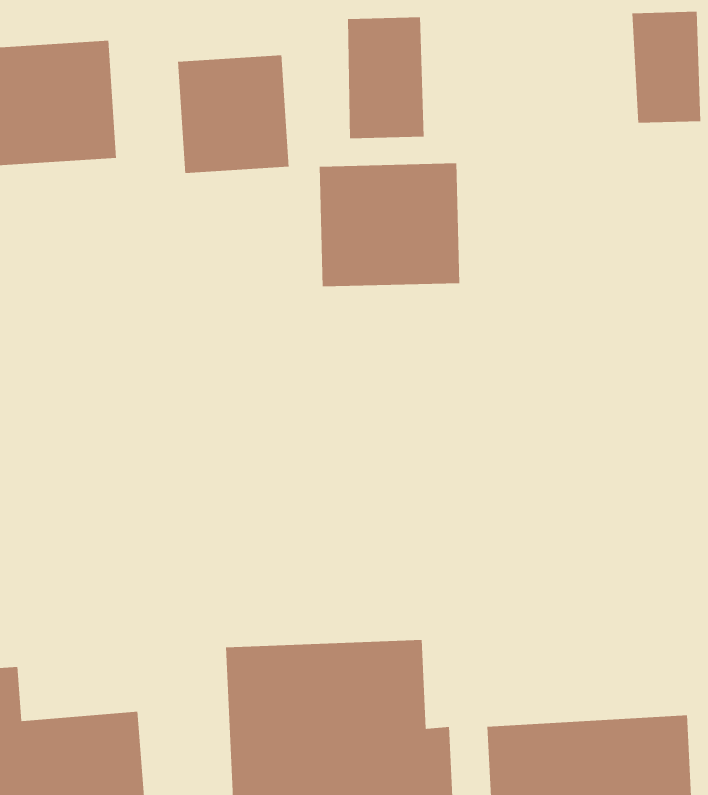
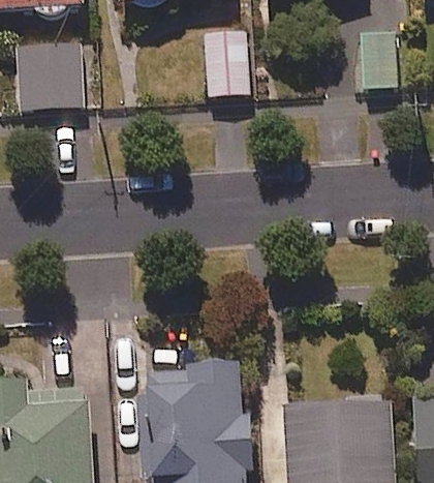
building: [178,55,289,174] -> none
building: [319,163,460,287] -> none

